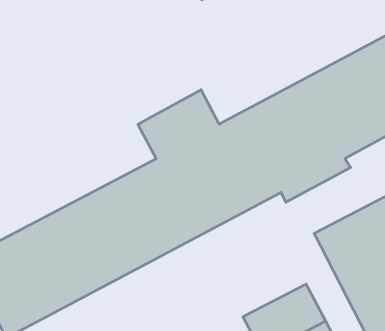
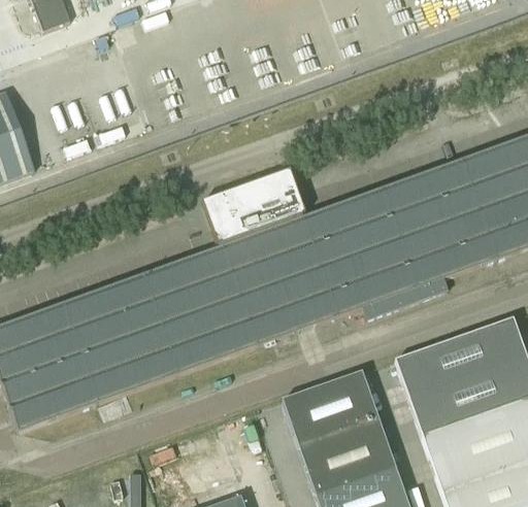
building: none -> [282,370,377,444]

